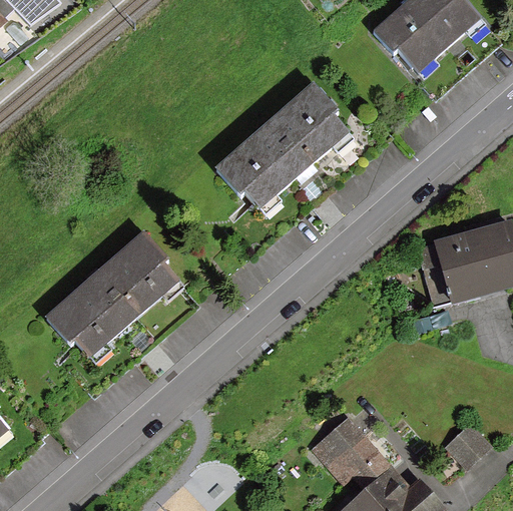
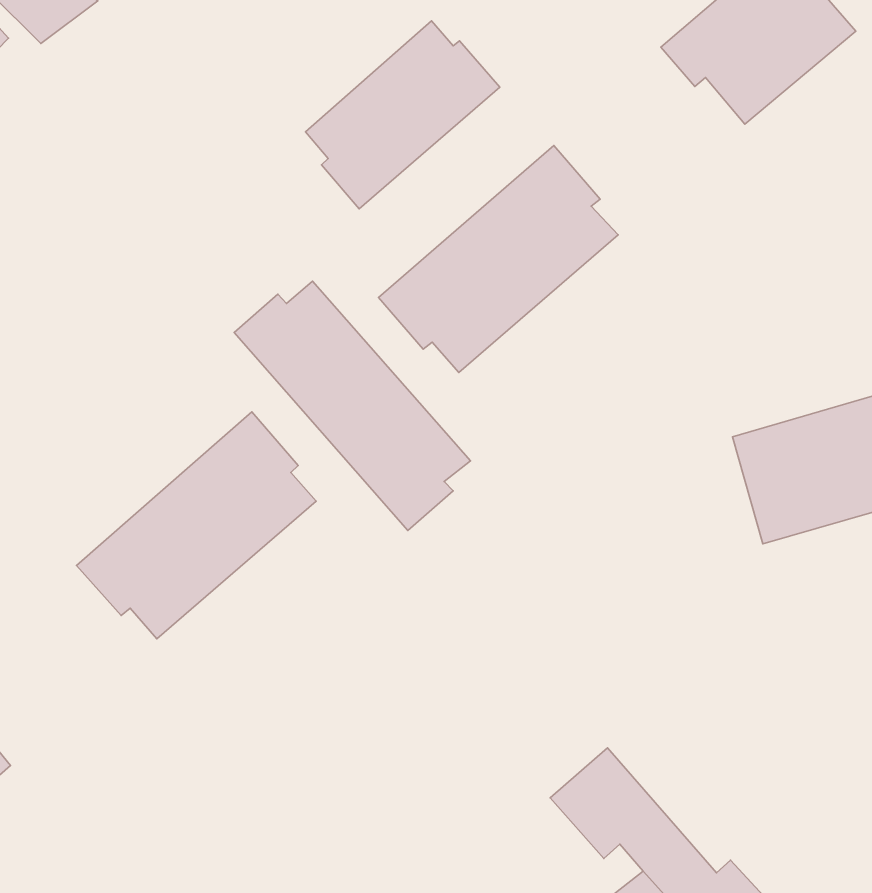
building: none -> [305,21,500,209]
building: none -> [234,281,470,531]
building: [444,424,488,468] -> none

